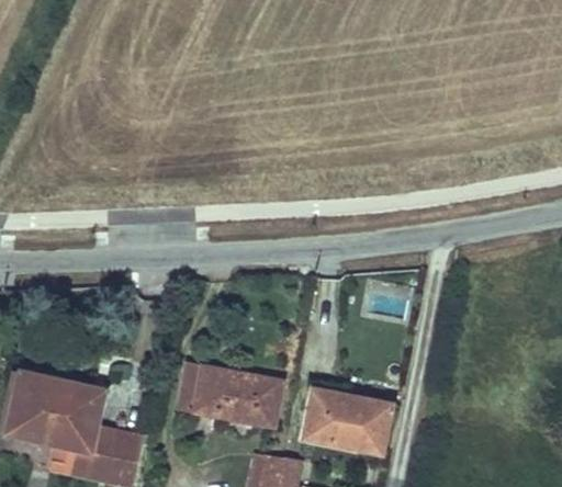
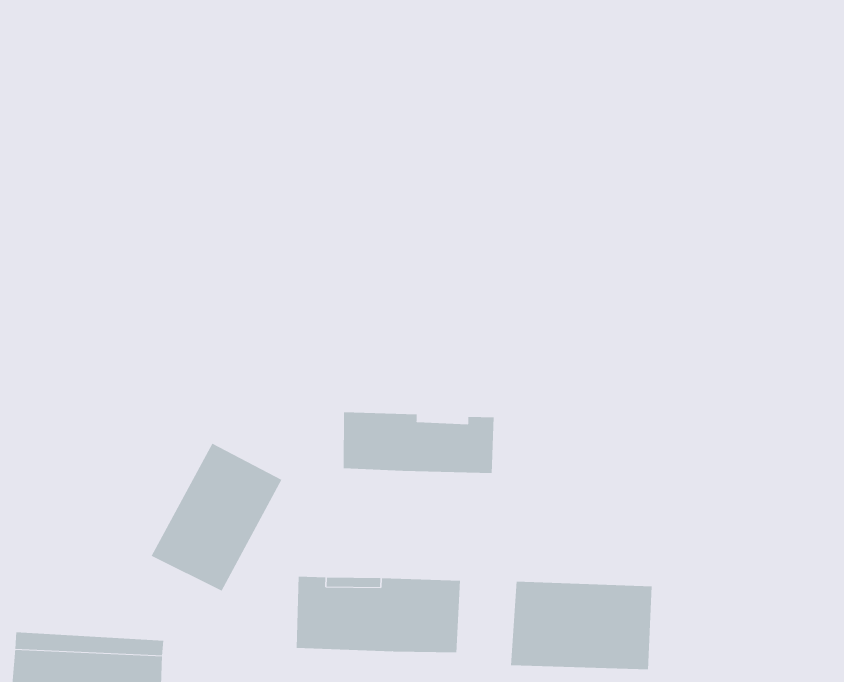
building: none -> [343,412,494,474]
building: none -> [151,443,282,592]

